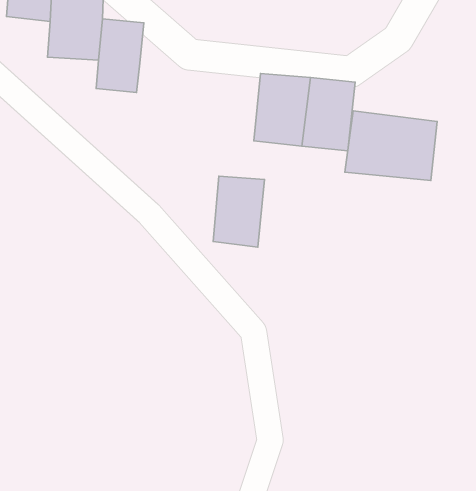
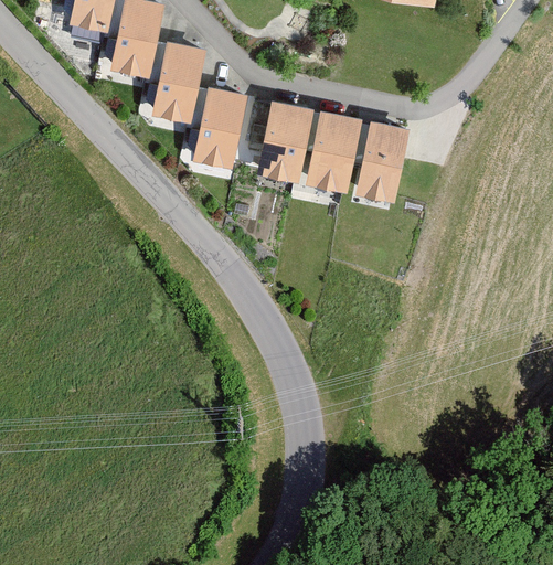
building: none -> [180,87,248,168]
building: [345,111,437,181] -> none
building: [213,176,264,247] -> [258,103,318,180]

